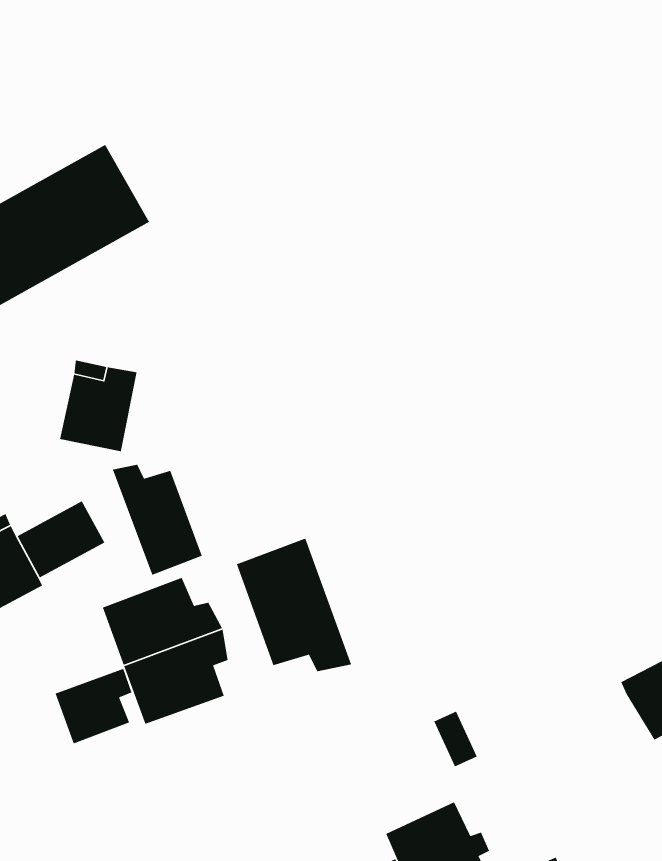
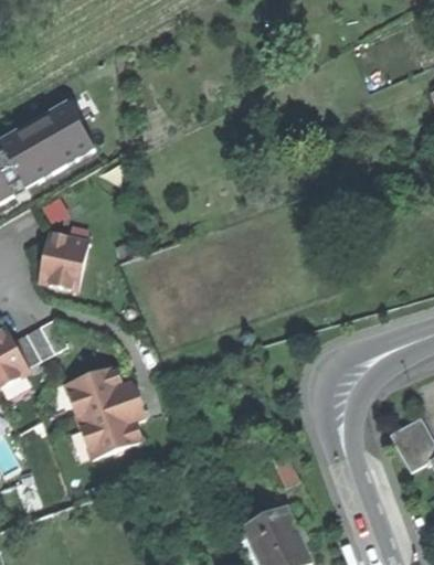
building: [112,464,203,576] -> none
building: [236,537,352,672] -> none
building: [54,668,132,744] -> none

